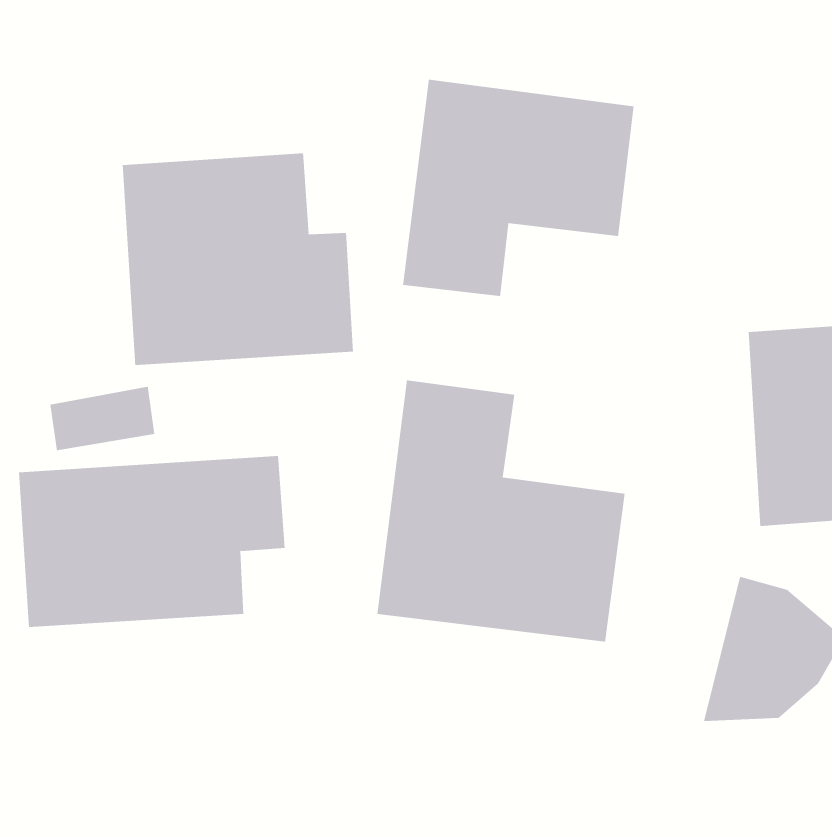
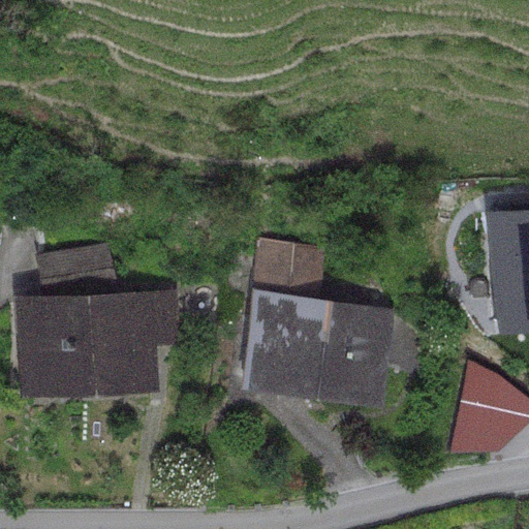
building: [402,79,634,297] -> none
building: [122,152,353,366] -> none

